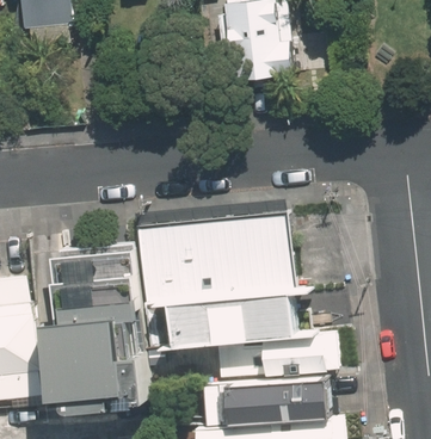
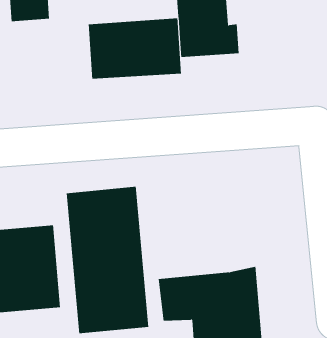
building: none -> [88,17,181,80]
building: [177,218,289,341] -> none

